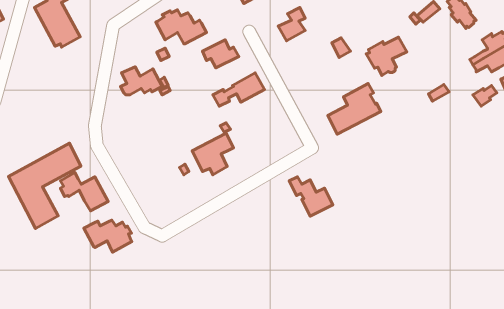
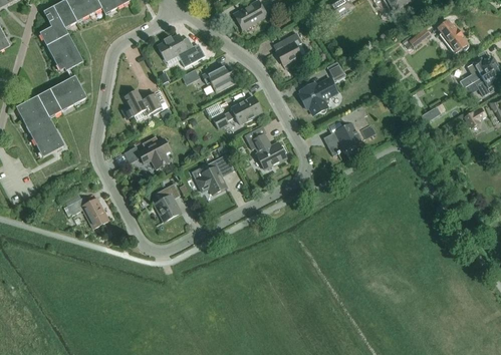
building: [366,37,407,76] -> [298,77,337,114]
building: none -> [123,136,170,167]
building: [8,143,81,228] -> [16,74,86,156]
building: none -> [154,183,181,221]
building: [289,177,333,216] -> [244,130,286,168]
building: [84,220,132,252] -> none

